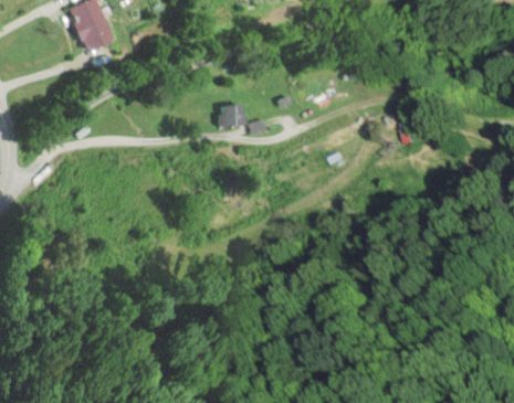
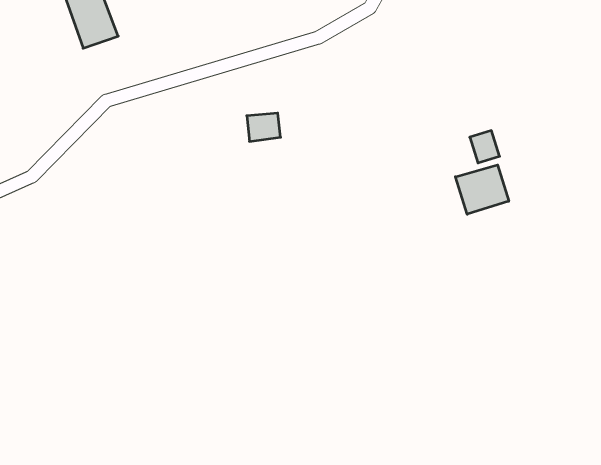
building: none -> [455,165,509,214]

